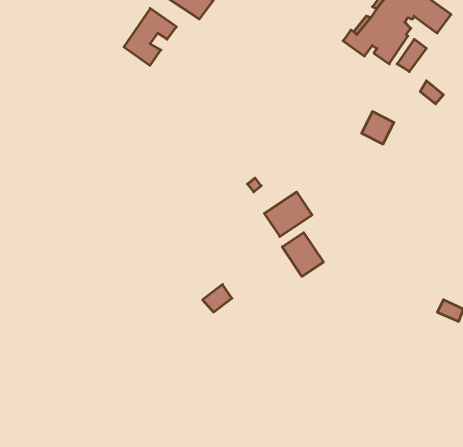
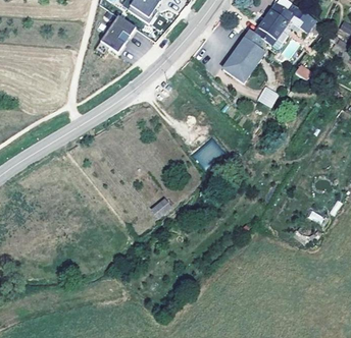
building: none -> [223,38,265,83]
building: [282,233,323,276] -> none

